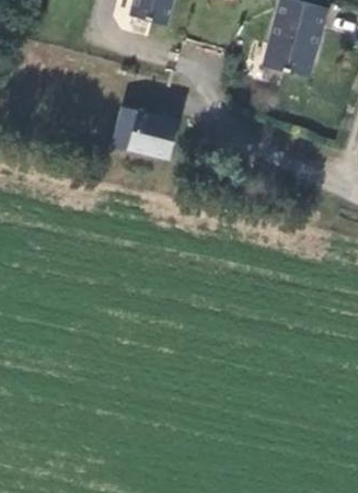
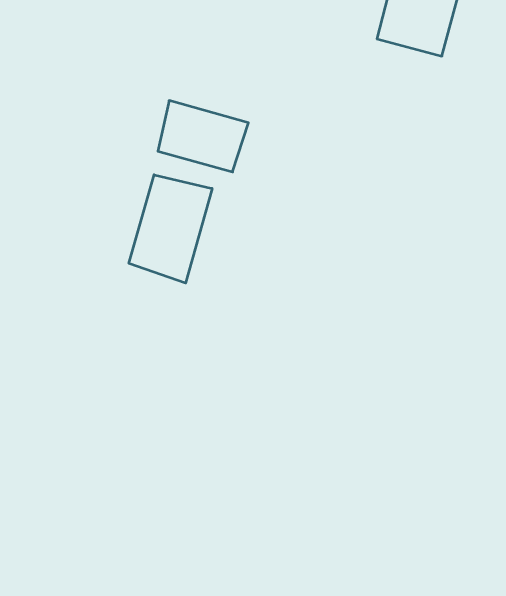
building: none -> [129,175,212,283]

